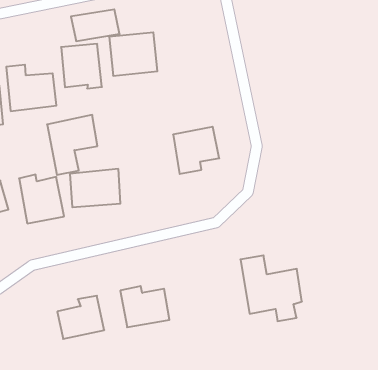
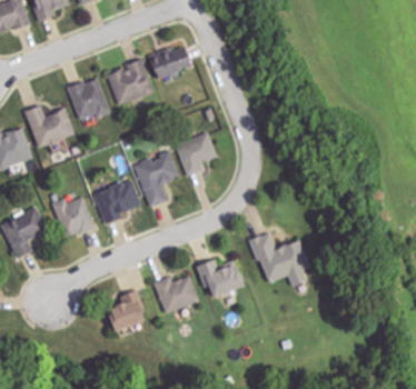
building: [71,9,120,41] -> [147,47,190,79]
building: [47,115,97,175] -> [133,151,179,207]
building: none -> [195,259,241,300]

